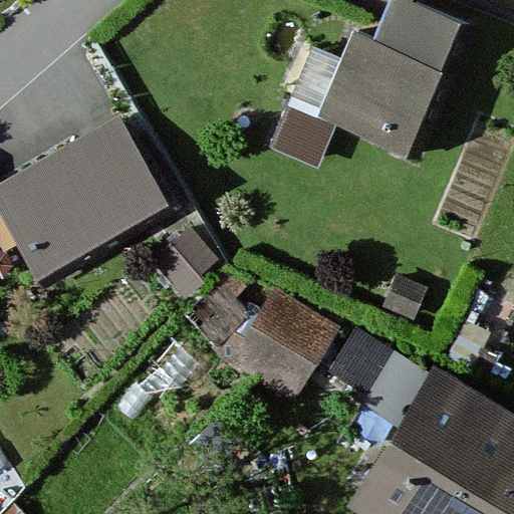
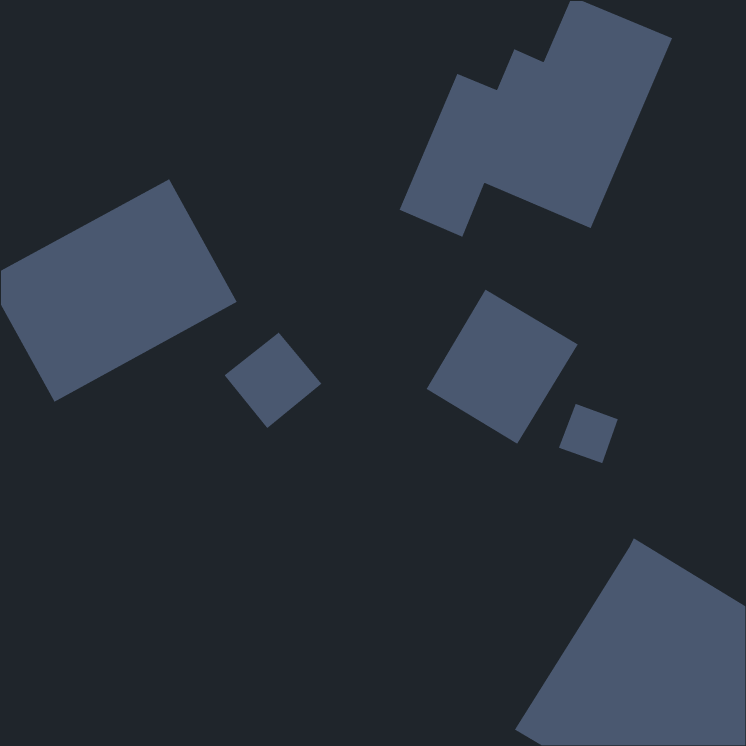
building: [232,284,337,392] -> [425,289,579,445]
building: [330,329,433,419] -> none

